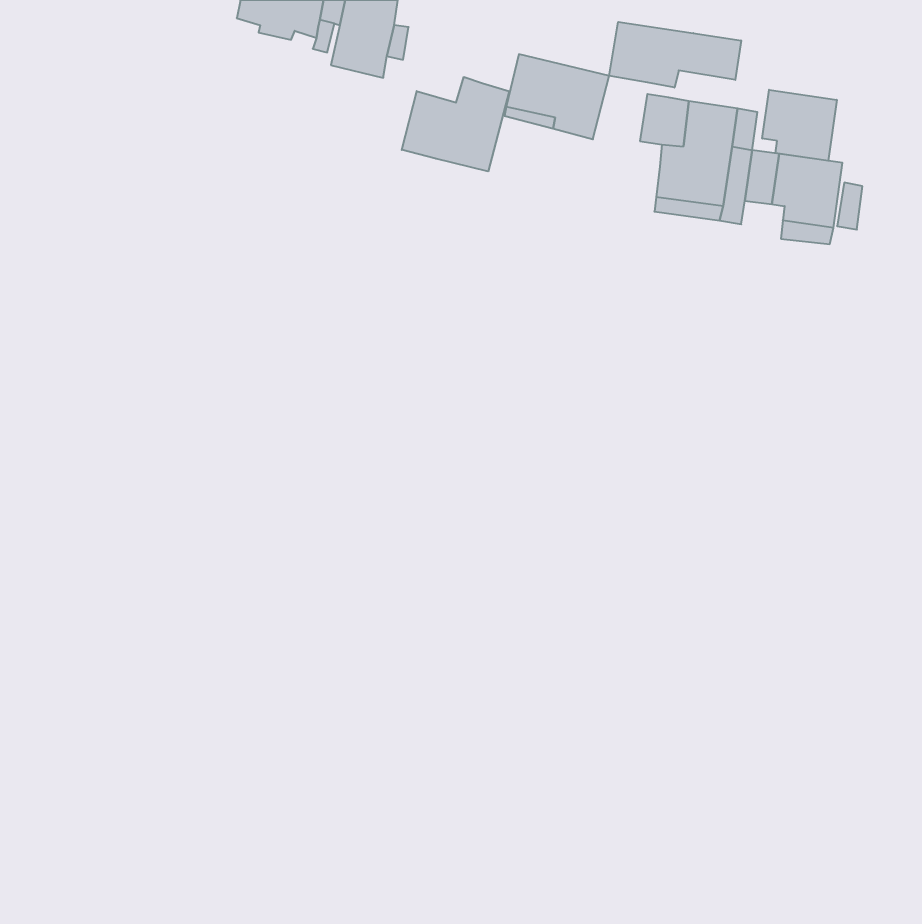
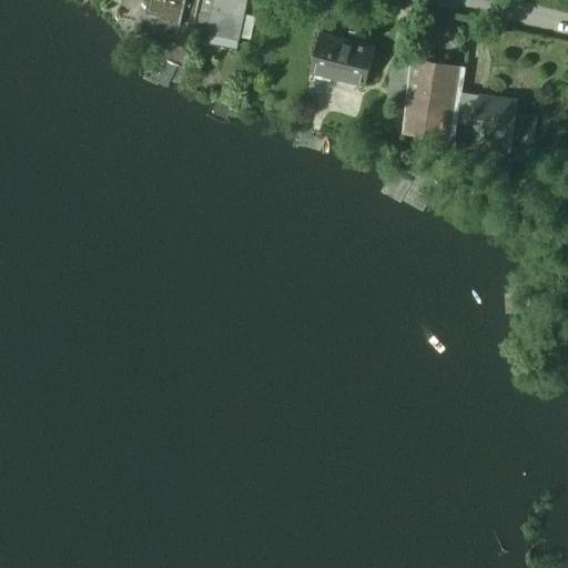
building: [609,22,741,88] -> none
building: [402,77,509,171] -> none
building: [762,90,837,161] -> none

